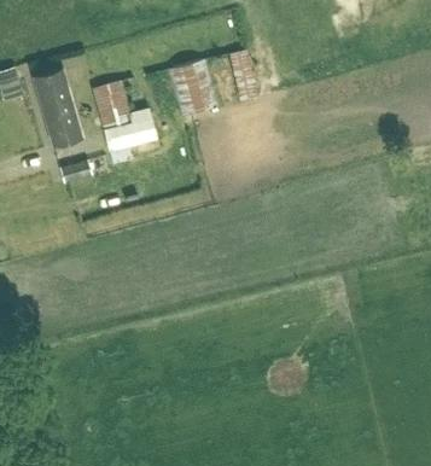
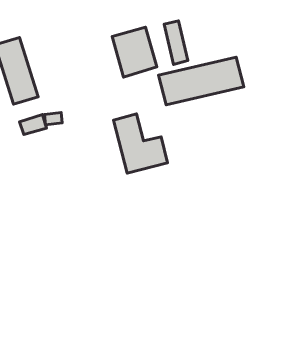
building: [94,82,157,151] -> [114,114,168,173]
building: none -> [159,57,244,105]

